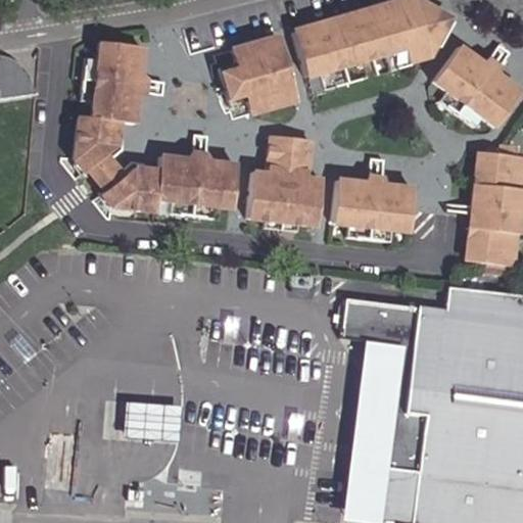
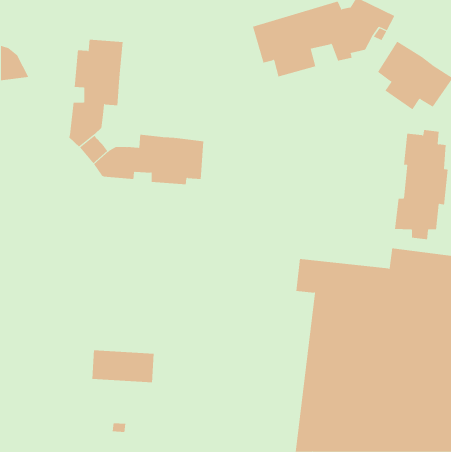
building: [226,35,298,111] -> none
building: [253,134,326,223] -> none
building: [333,178,415,235] -> none

